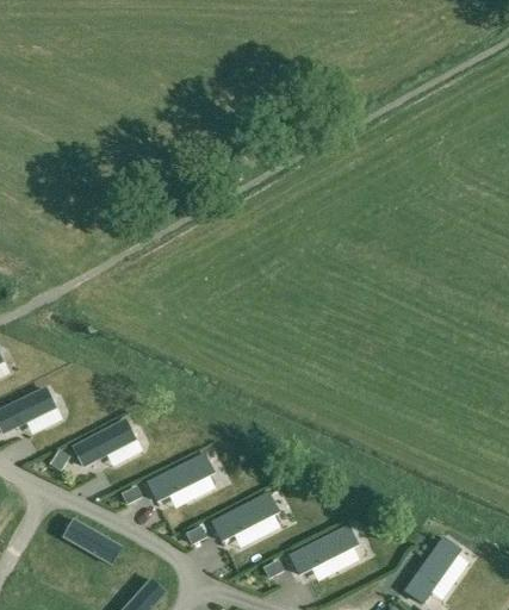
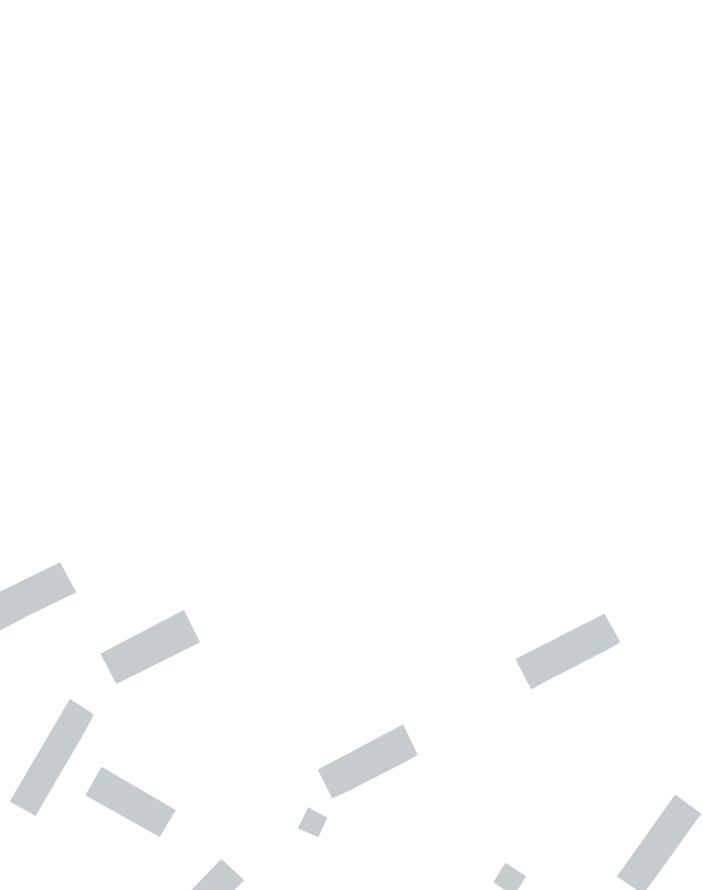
building: [148,453,215,502] -> none
building: none -> [9,698,95,817]
building: [290,524,359,574] -> [514,613,621,690]

